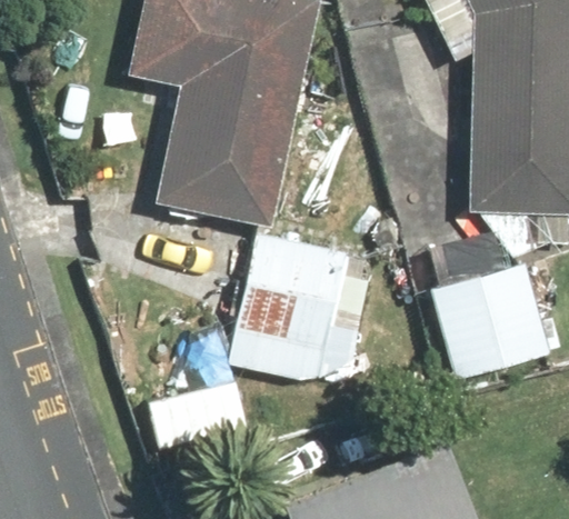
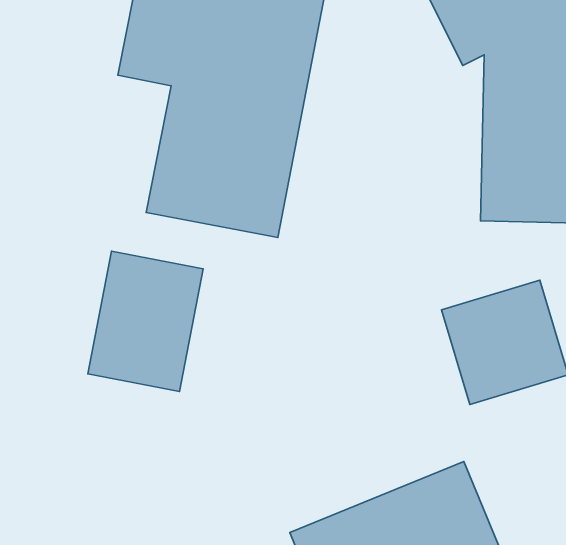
building: [226,232,375,385] -> none
building: none -> [88,251,203,391]

